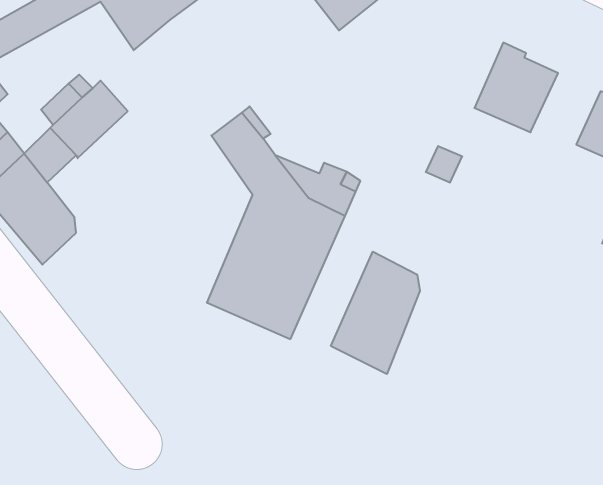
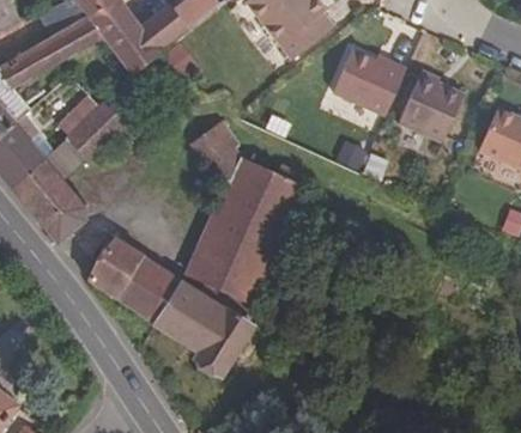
building: none -> [332,49,405,115]
building: [331,252,420,374] -> none
building: none -> [87,239,249,376]

